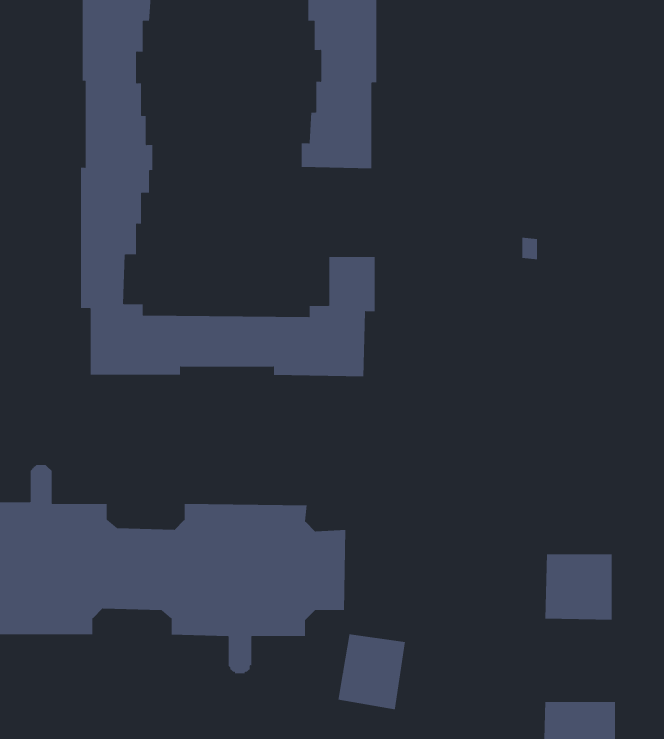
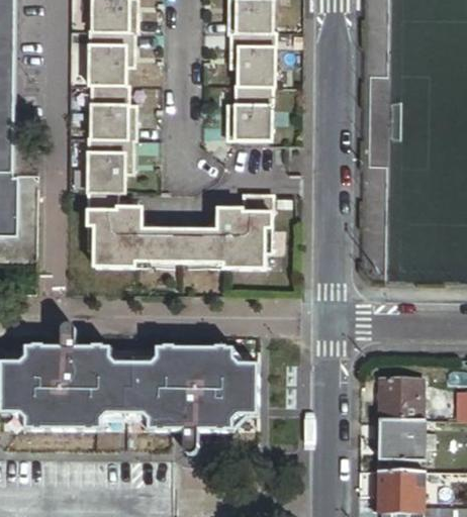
building: none -> [378,418,424,458]
building: [338,633,405,710] -> none

